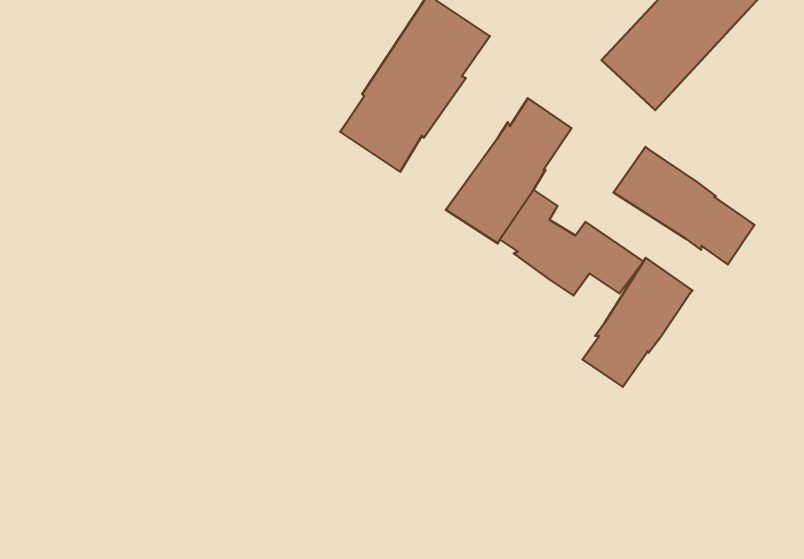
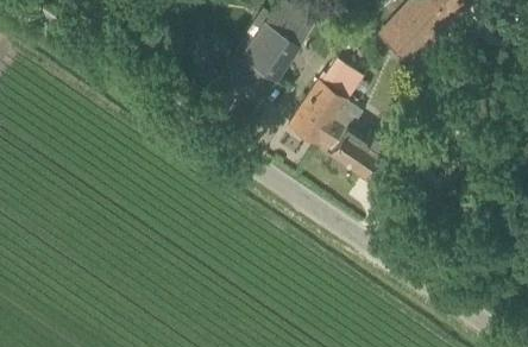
building: [613,147,755,265] -> none
building: [582,258,693,387] -> none

